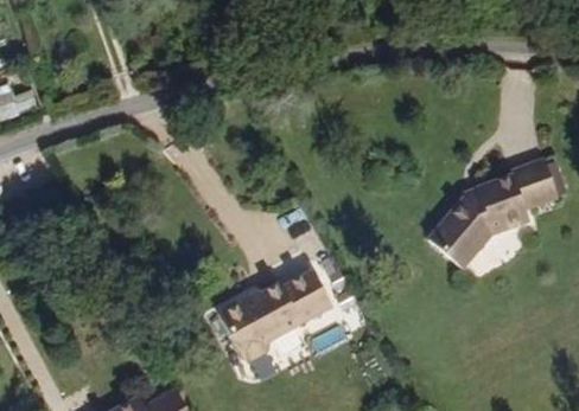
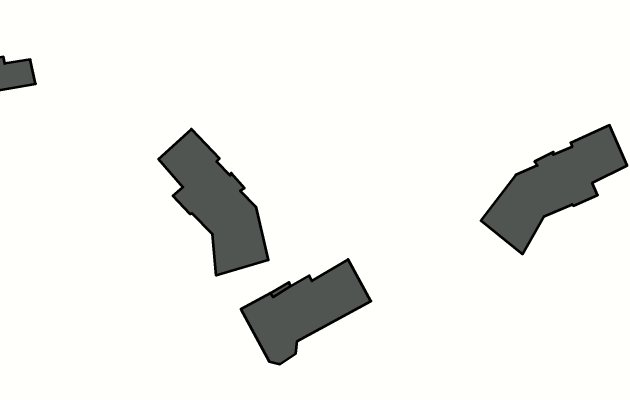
building: none -> [159,129,268,275]

